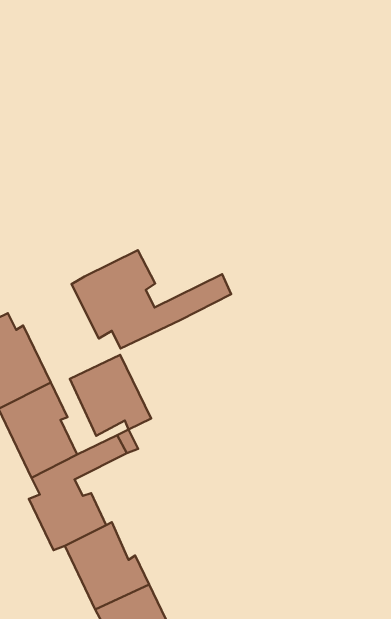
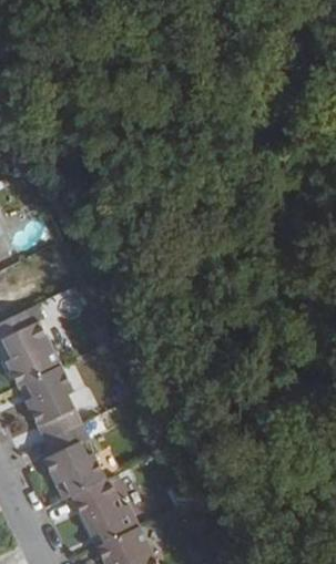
building: [71,250,231,349] -> none
building: [70,355,151,436] -> none

